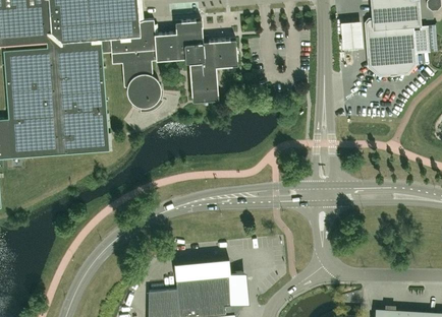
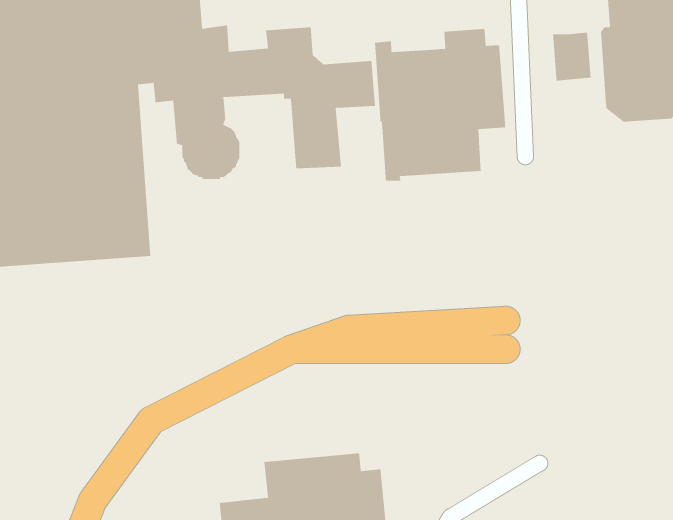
building: none -> [374,28,506,182]

